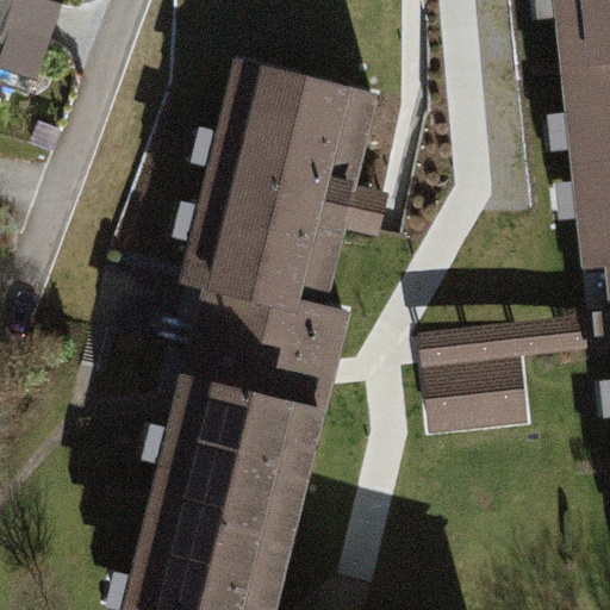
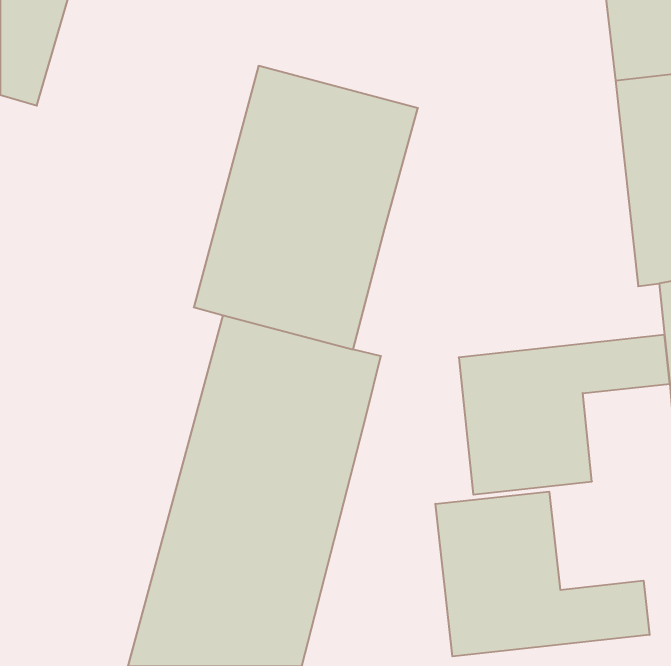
building: none -> [435,492,650,656]

